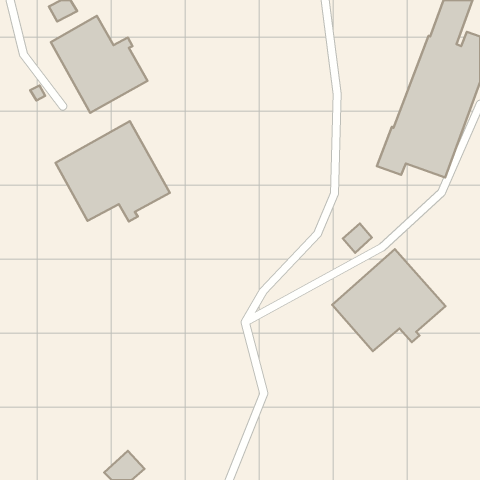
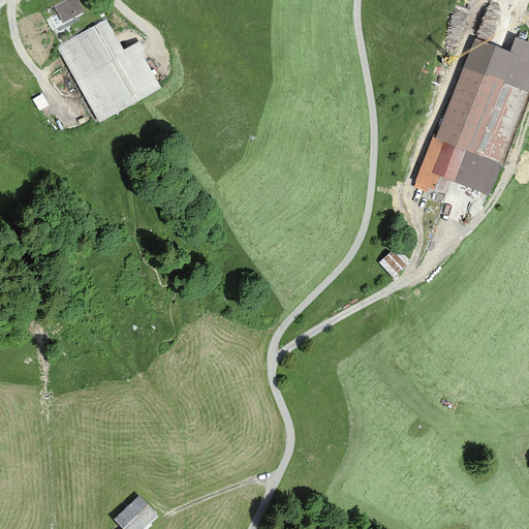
building: [55,121,170,221] -> none
building: [332,249,446,351] -> none

